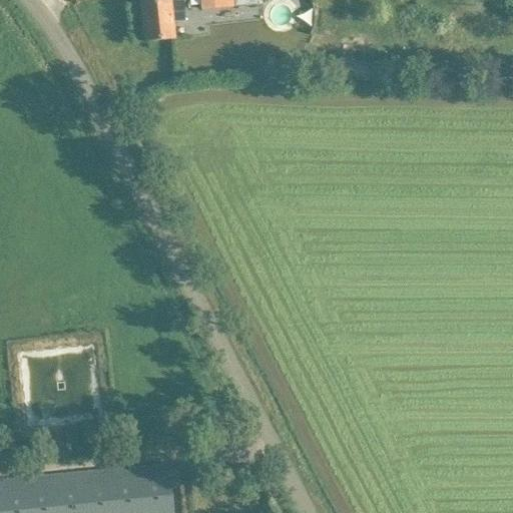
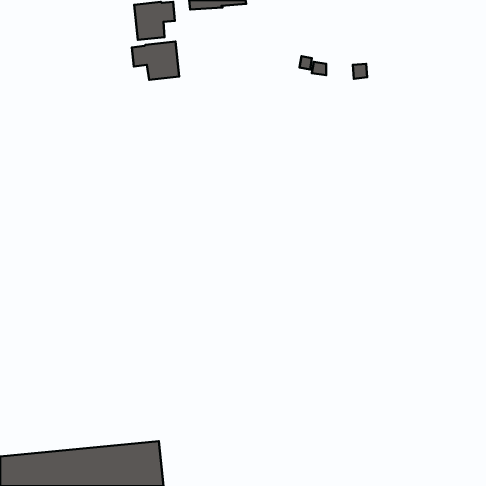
building: none -> [132,42,179,80]

